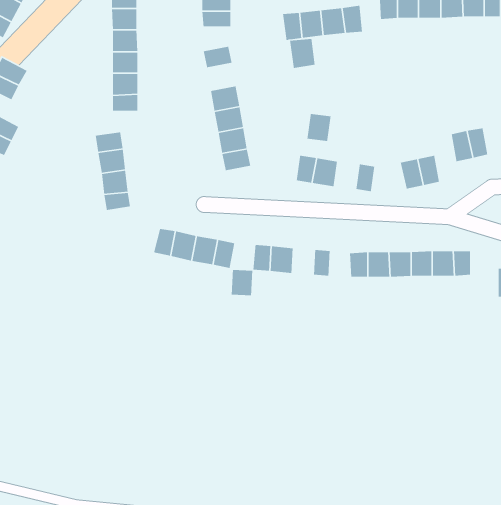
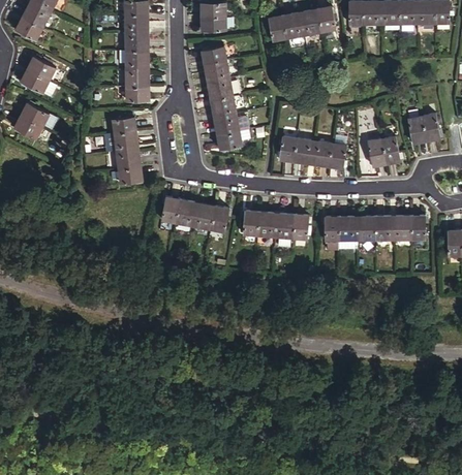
building: [289,38,316,69] -> none
building: none -> [205,60,229,83]
building: [307,113,331,142] -> [311,141,332,165]
building: [231,269,253,296] -> [276,214,295,236]

